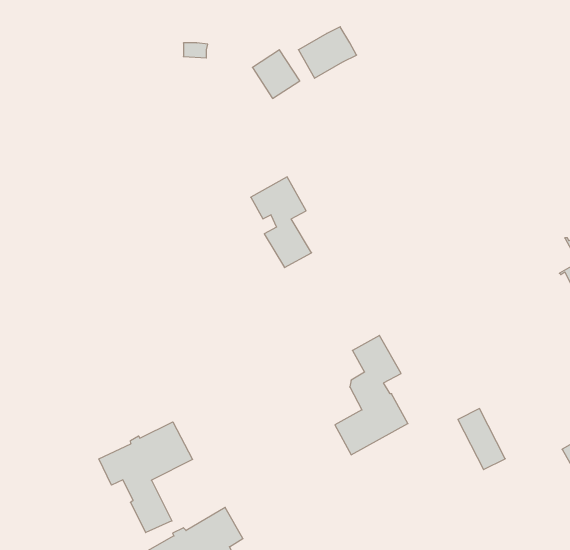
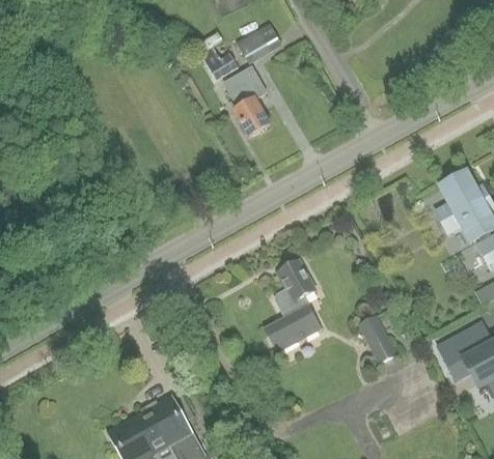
building: [251,177,312,268] -> [223,66,270,136]
building: [99,422,193,533] -> none

